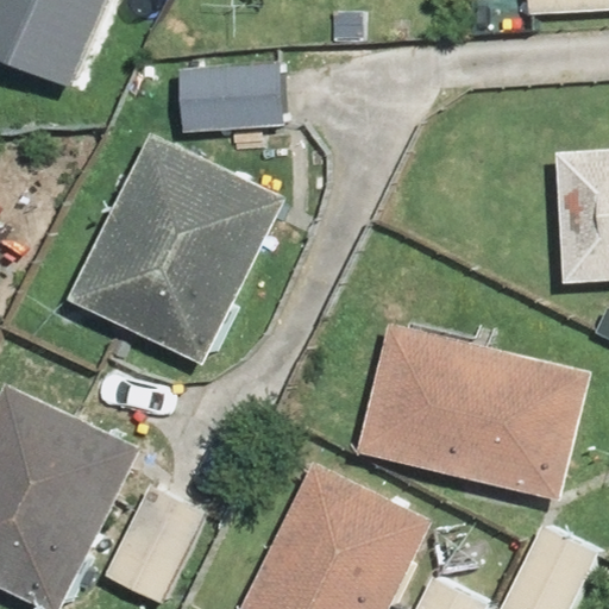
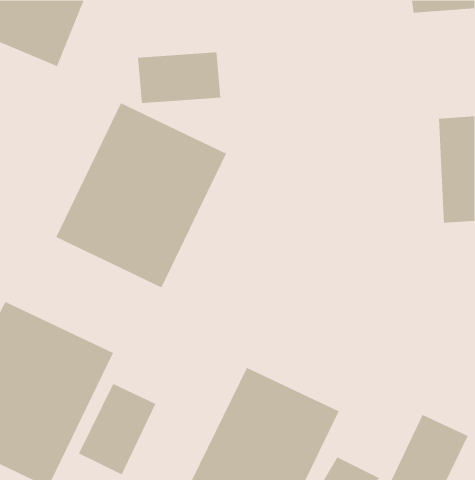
building: [358,326,590,500] -> none

